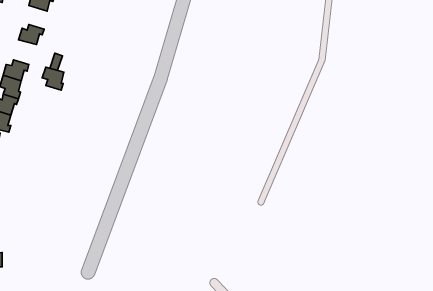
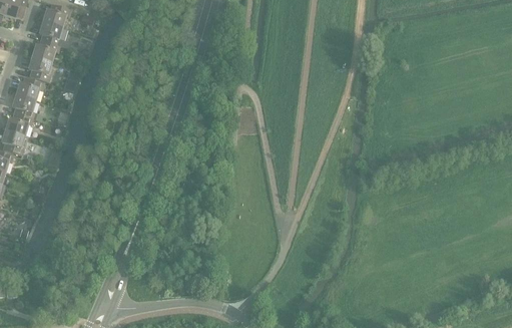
building: none -> [36,20,59,45]
building: [42,67,64,90] -> [25,56,48,80]

